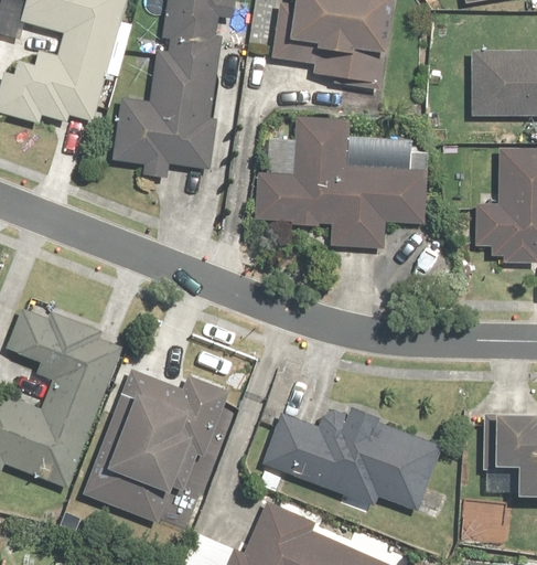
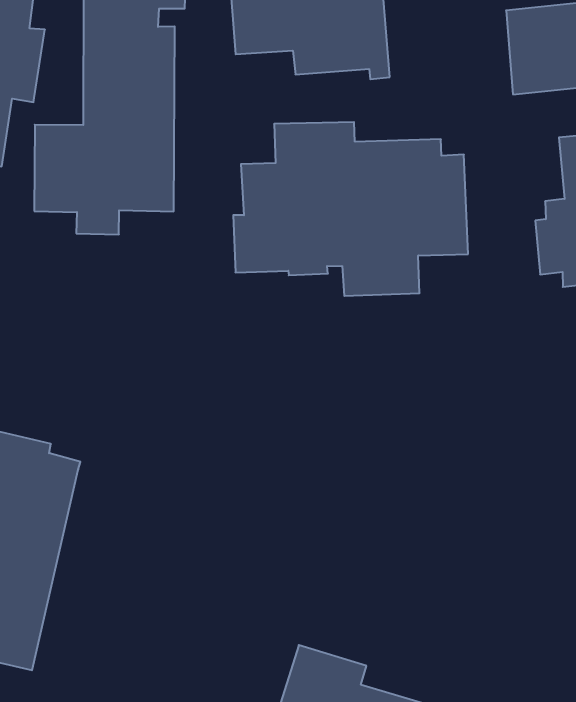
building: [86,358,229,520] -> none
building: [260,405,443,512] -> none

